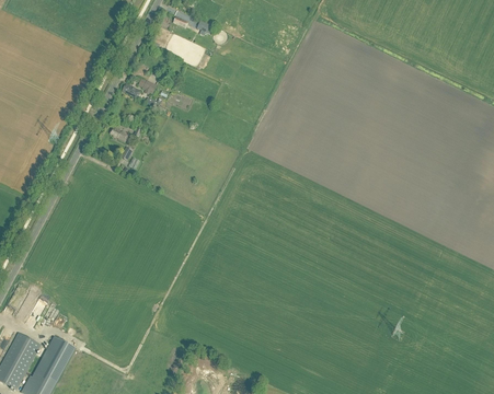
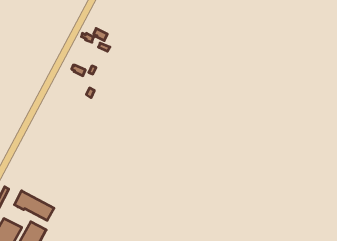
building: none -> [14,191,54,220]

